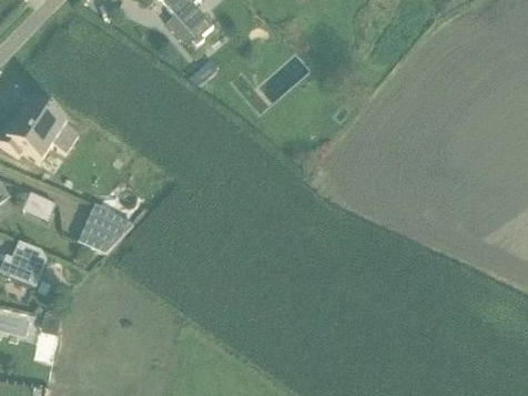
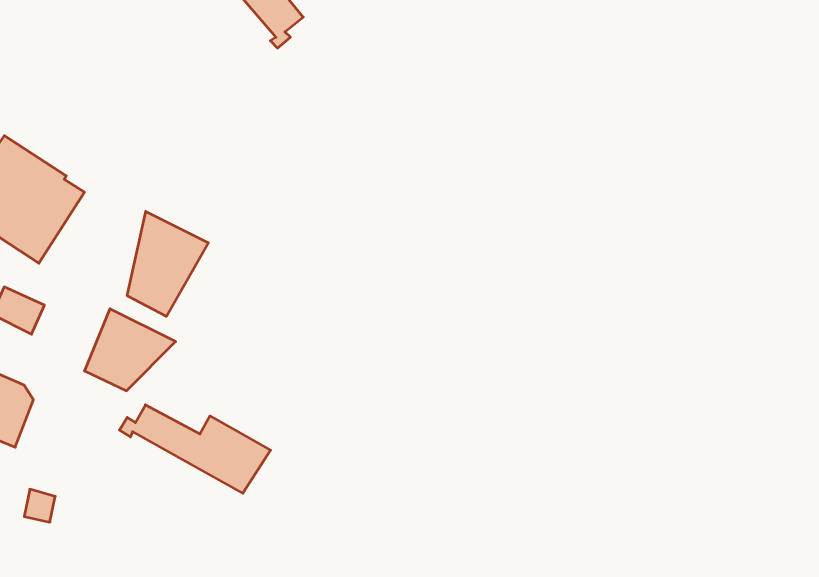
building: none -> [127,211,208,316]
building: none -> [119,405,271,493]

